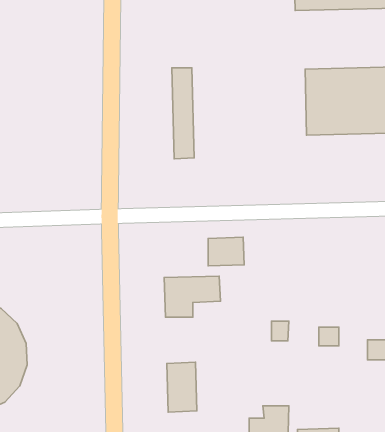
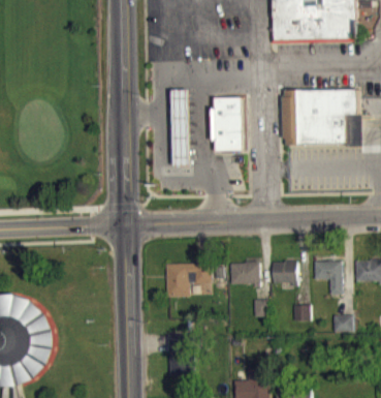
building: none -> [213,97,242,151]
building: [208,237,244,266] -> [229,262,259,285]
building: none -> [313,261,341,295]
building: none -> [271,262,296,283]

